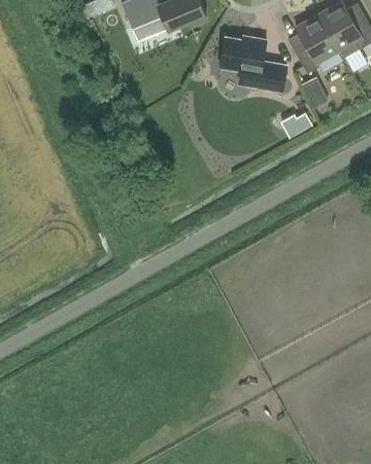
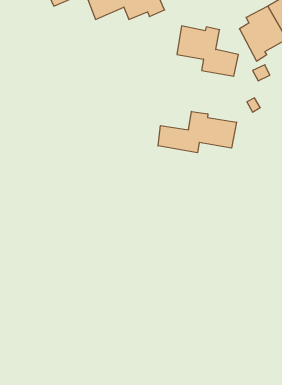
building: none -> [158,111,237,153]

